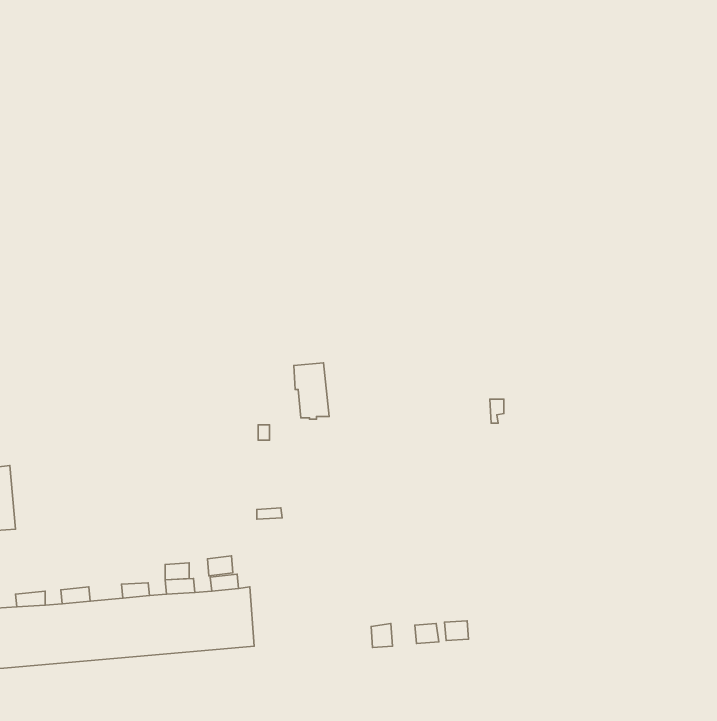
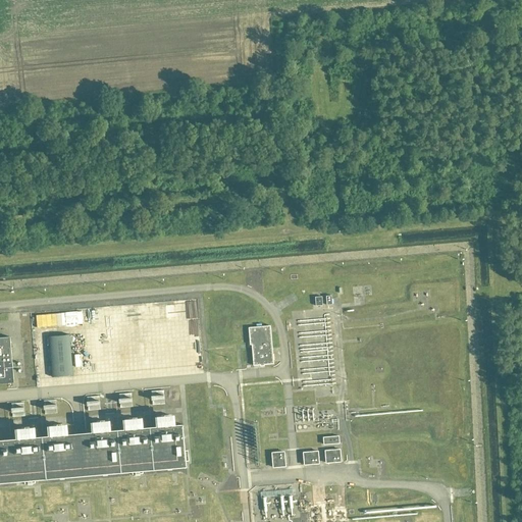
building: [294,363,329,419] -> [246,325,271,366]
building: none -> [52,337,75,381]

